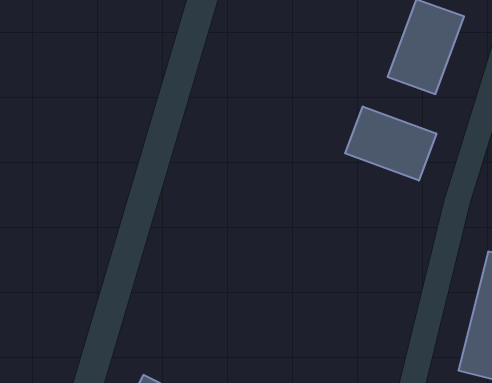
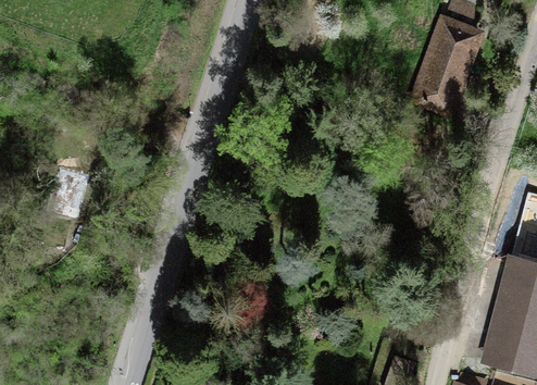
building: [345,106,436,181] -> none

